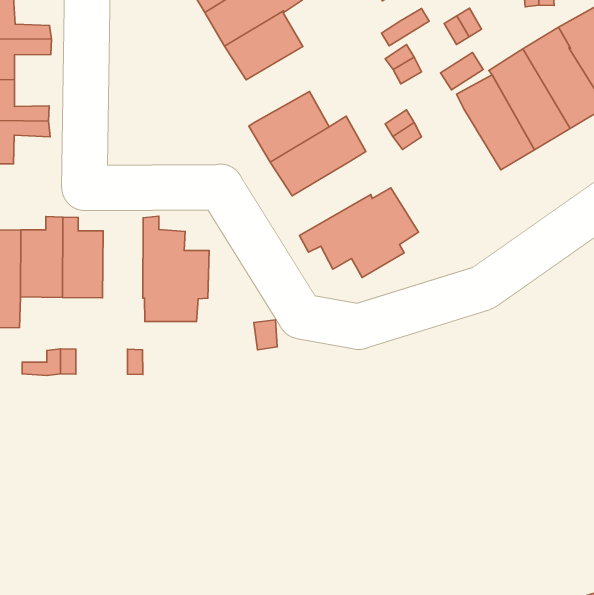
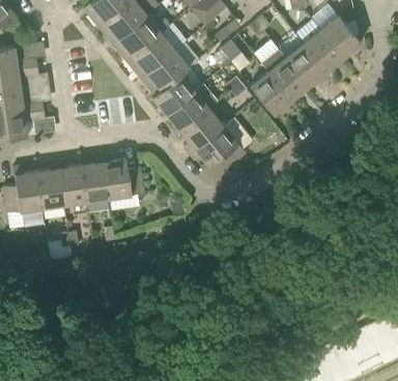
building: none -> [141,43,199,95]
building: none -> [250,70,292,115]
building: none -> [181,108,224,152]
building: none -> [82,155,109,202]

